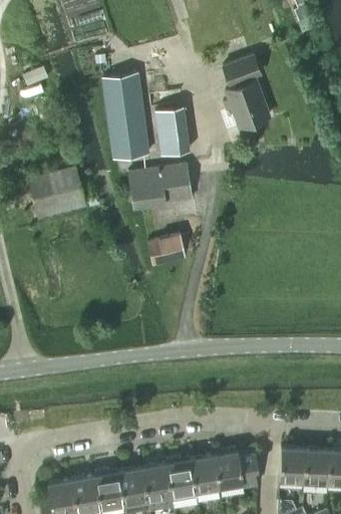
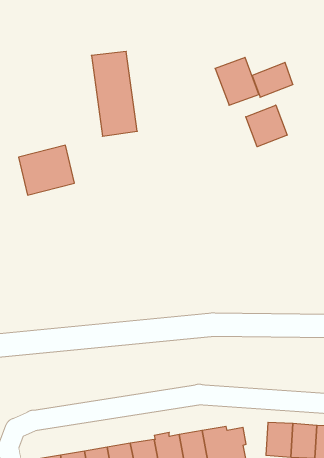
building: [221,54,262,89] -> [252,62,293,97]
building: [154,108,191,157] -> none
building: none -> [246,105,287,147]
building: [128,166,192,210] -> none
building: [146,235,193,267] -> none

